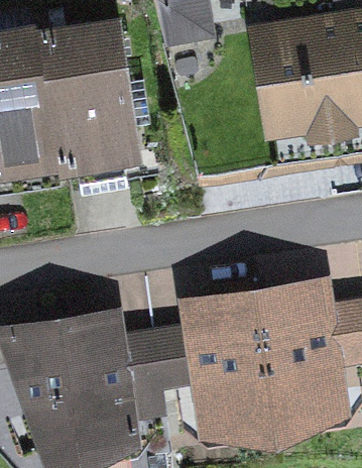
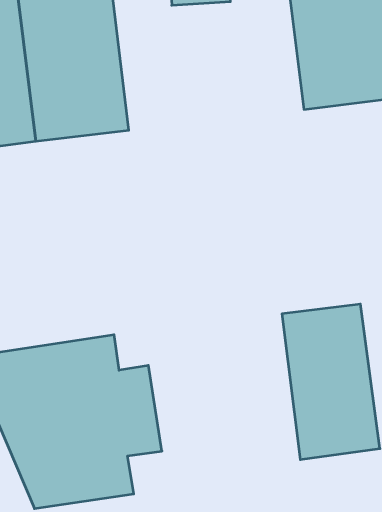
building: [192,301,271,429] -> none

